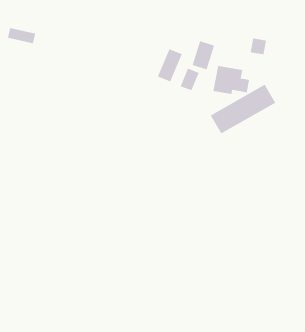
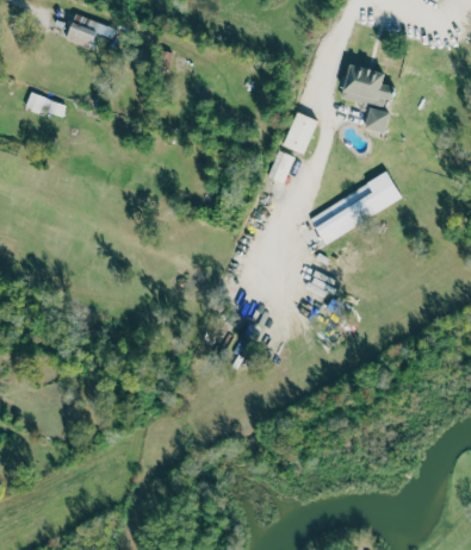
building: [157,49,183,82] -> none
building: [212,65,250,95] -> [341,65,393,106]

